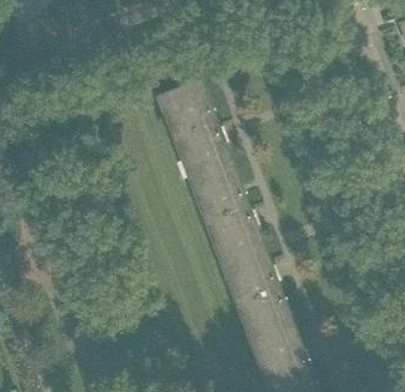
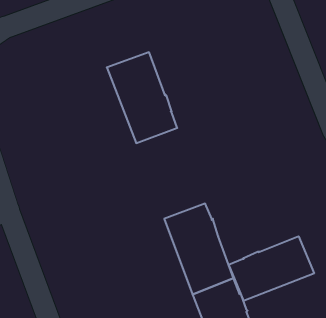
building: [187,159,264,260] -> none
building: none -> [229,236,314,301]

